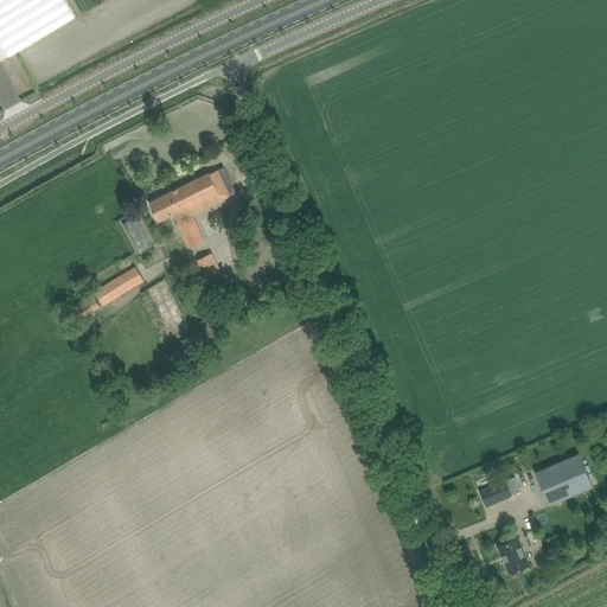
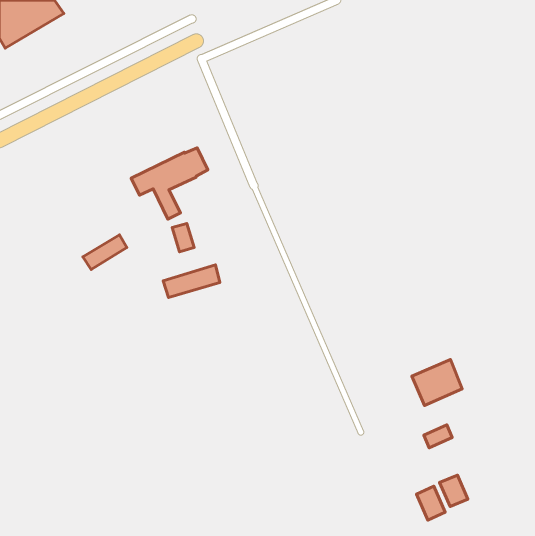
building: none -> [163,265,220,298]
building: [535,453,592,505] -> [412,359,462,406]
building: none -> [417,486,445,520]

